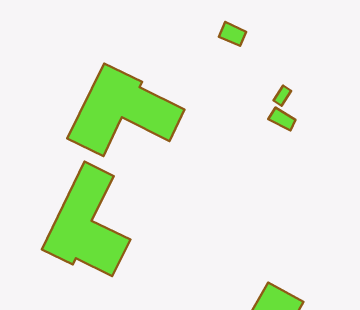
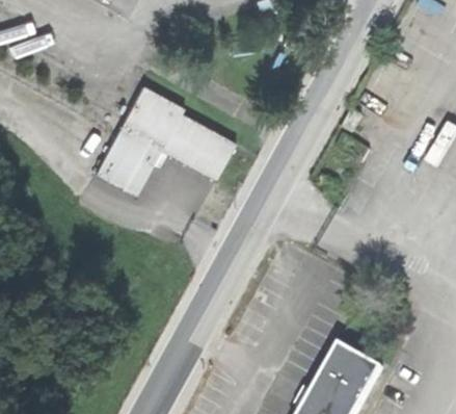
building: [42,162,131,276] -> none

